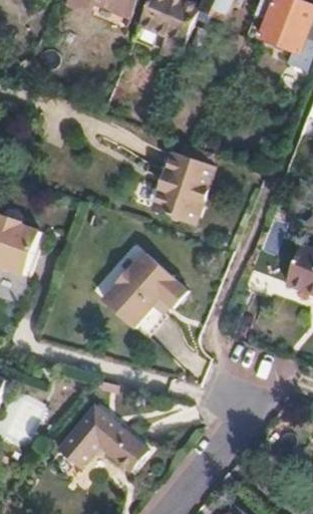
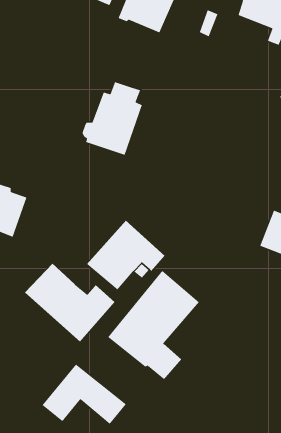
building: [147,142,213,221] -> [82,81,143,156]
building: none -> [24,263,116,343]
building: none -> [107,270,200,380]

